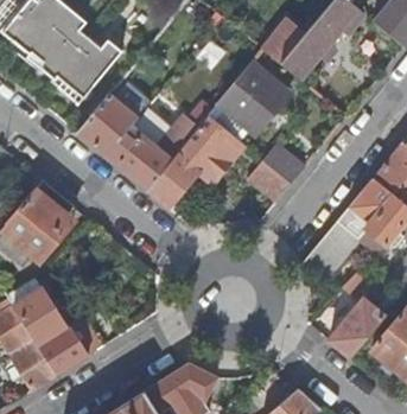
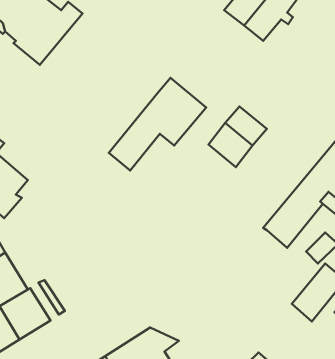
building: [218,63,287,133] -> none
building: [77,95,196,190] -> none

